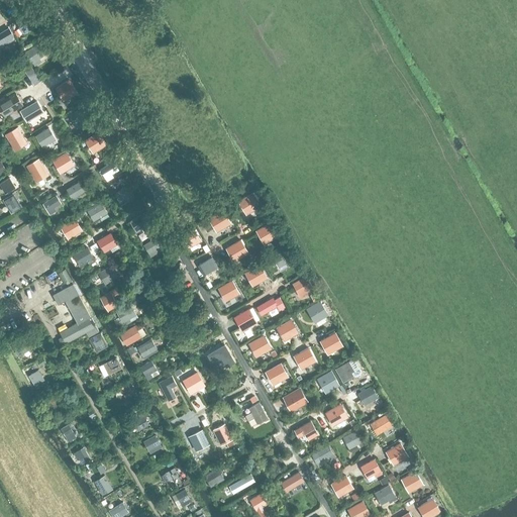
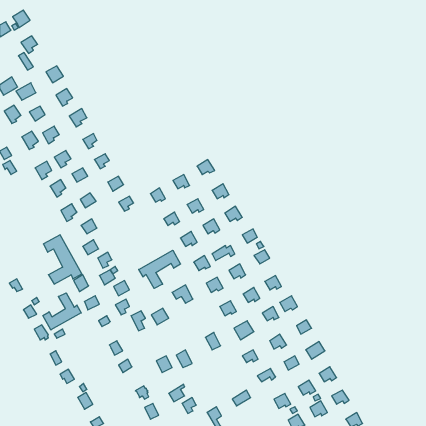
building: none -> [139,250,181,288]
building: none -> [43,293,81,330]

